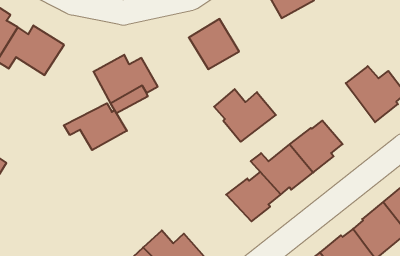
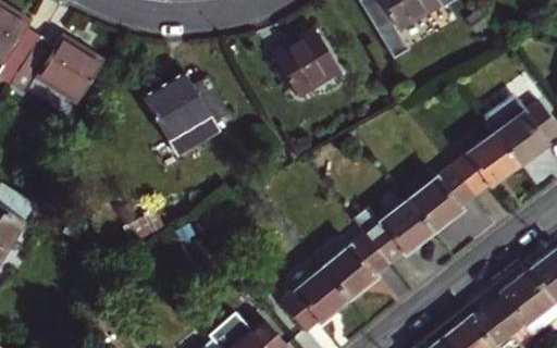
building: [214,89,276,142] -> none
building: none -> [447,126,518,195]
building: [64,103,127,150] -> none
building: none -> [280,262,352,331]

